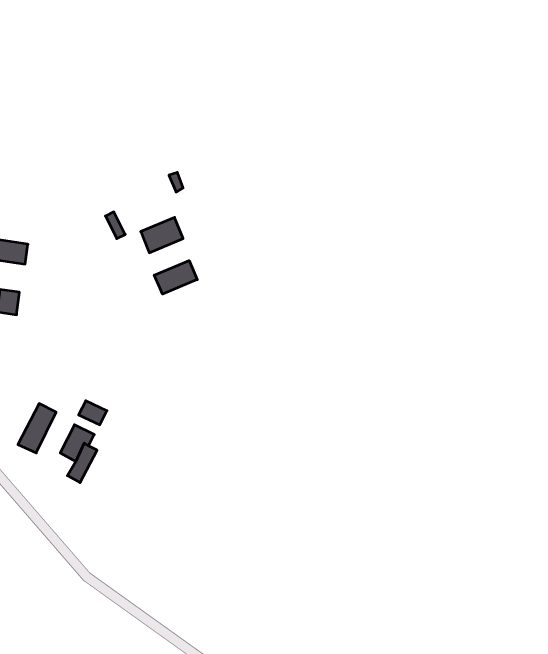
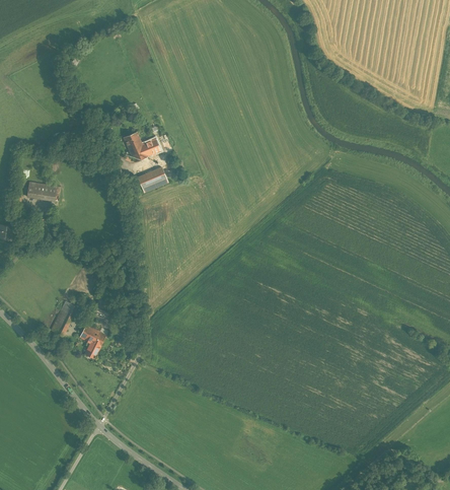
building: none -> [122,133,160,162]
building: [154,261,197,294] -> none

